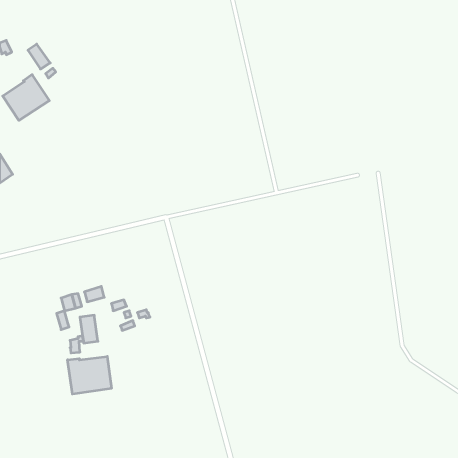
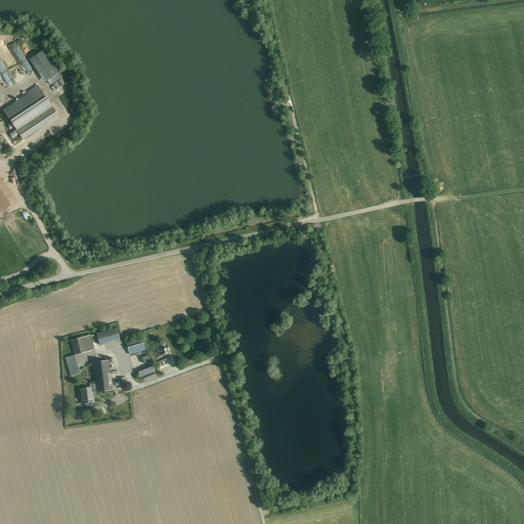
building: [68,356,111,394] -> none

